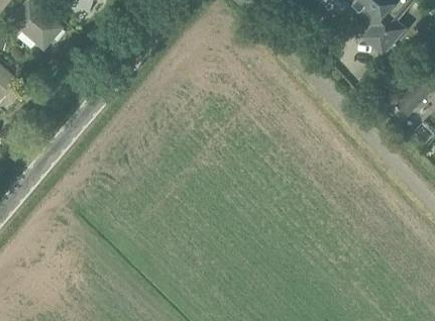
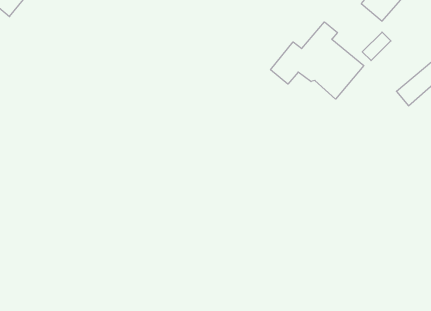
building: none -> [271,22,364,99]

